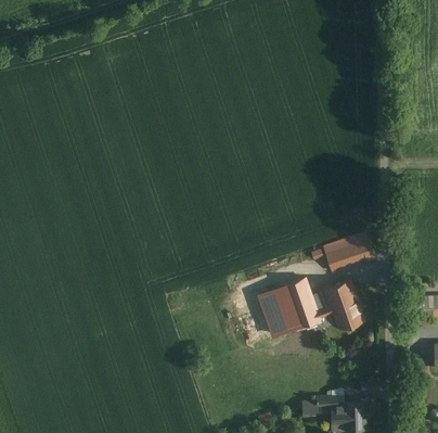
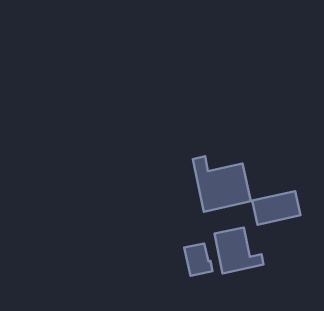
building: none -> [193,156,251,212]
building: [324,281,364,329] -> none

